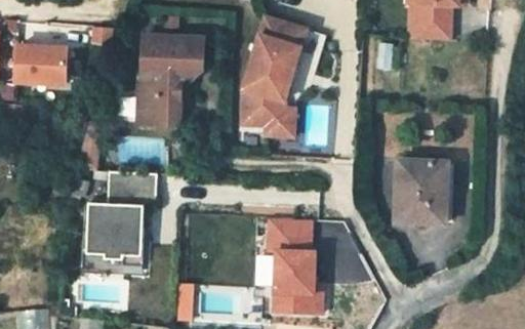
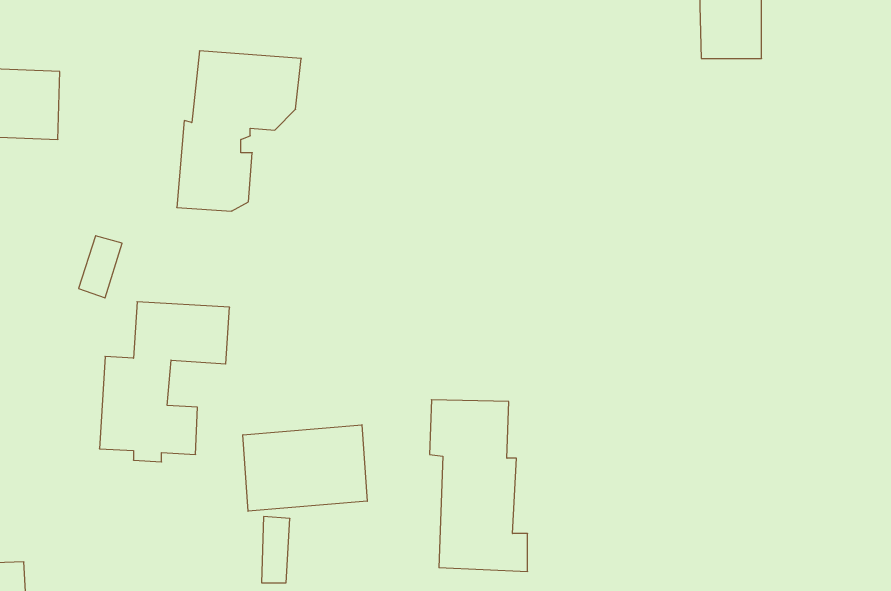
building: [245,18,310,133] -> none
building: [393,161,450,222] -> none
building: none -> [243,425,367,511]

